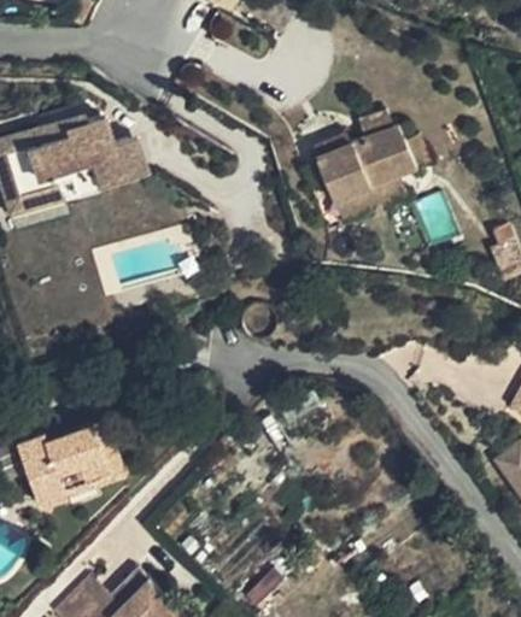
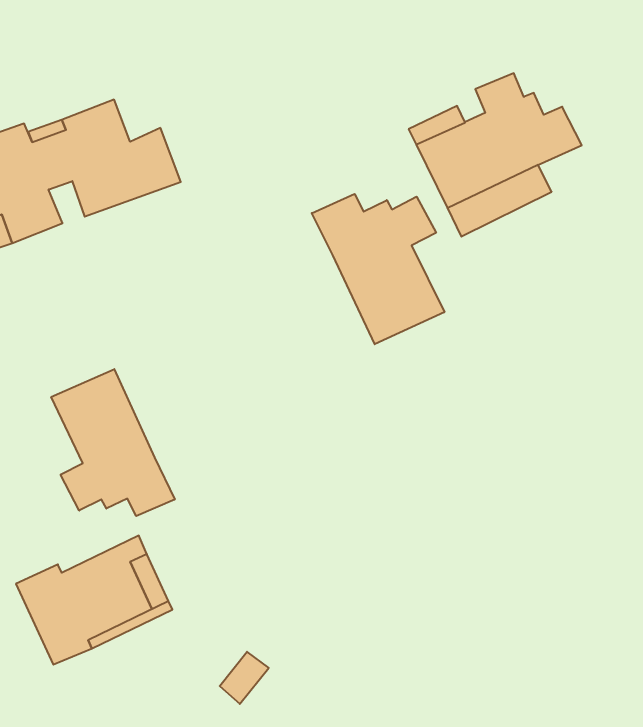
building: none -> [312,194,444,344]
building: none -> [51,369,175,516]

